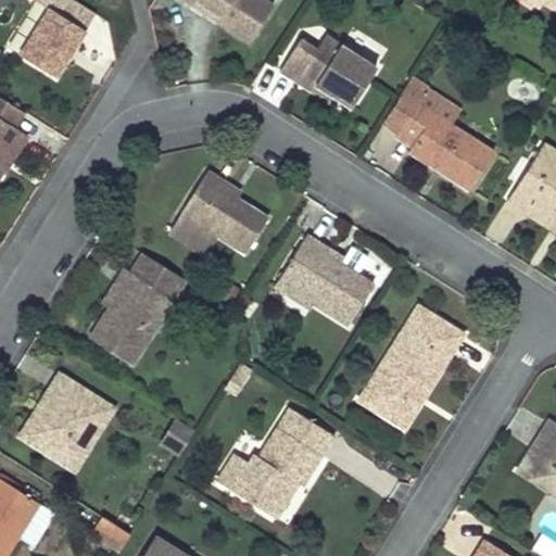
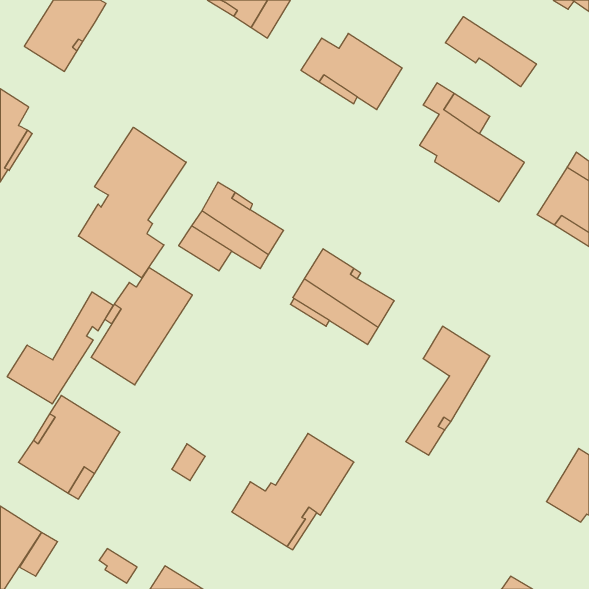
building: none -> [445,17,536,87]
building: none -> [78,127,186,278]
building: none -> [7,292,113,404]
building: [359,338,424,416] -> none

